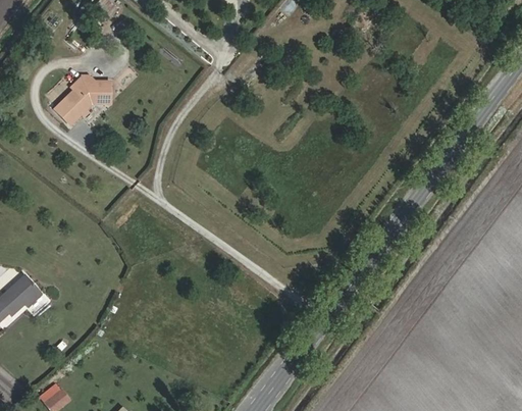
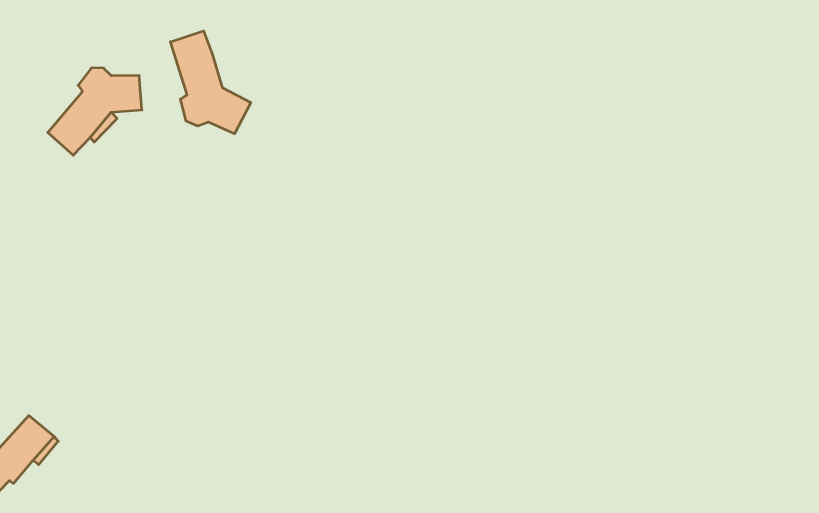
building: none -> [170,31,251,134]

